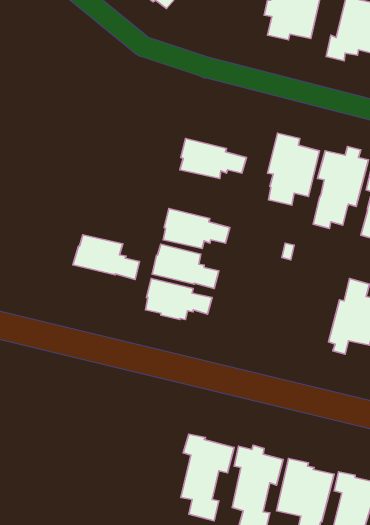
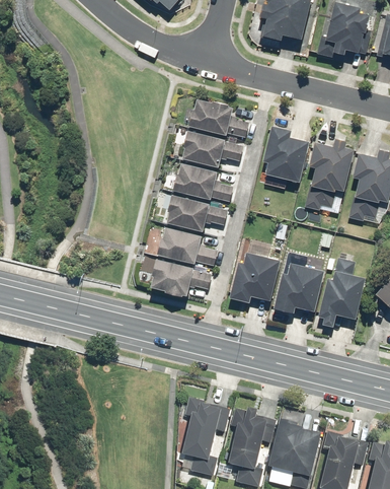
building: none -> [188,97,249,139]
building: [73,235,140,279] -> [172,162,233,203]
building: none -> [229,252,280,302]
building: none -> [274,262,324,312]

